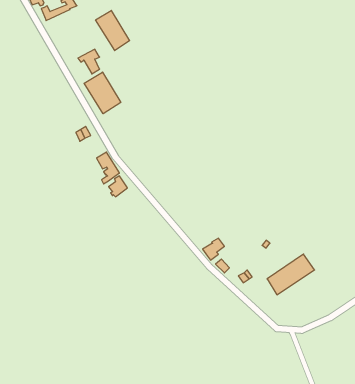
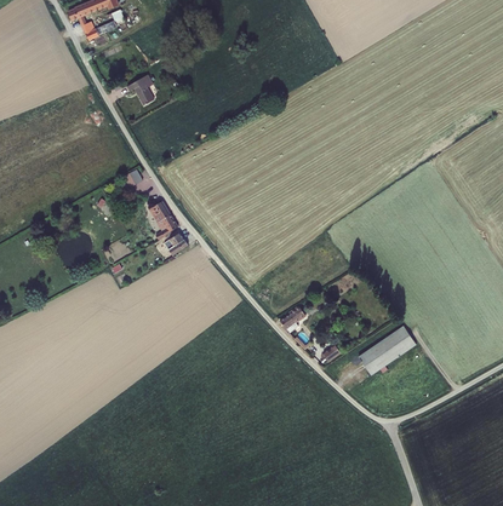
building: [96,10,130,51] -> none
building: [84,72,121,114] -> none

